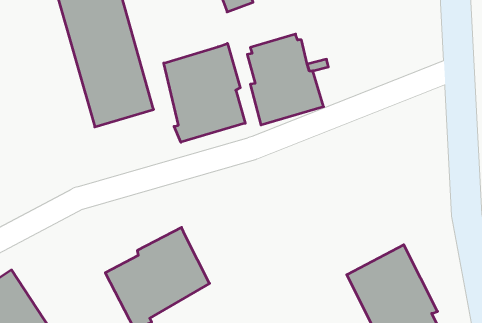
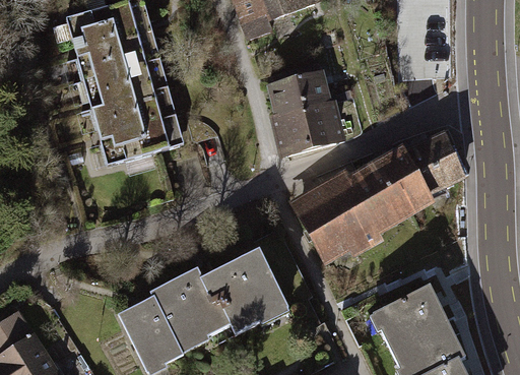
building: [164,43,245,142] -> none
building: none -> [291,130,469,264]
building: none -> [202,247,291,337]

